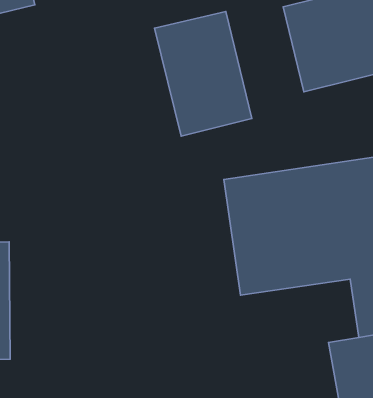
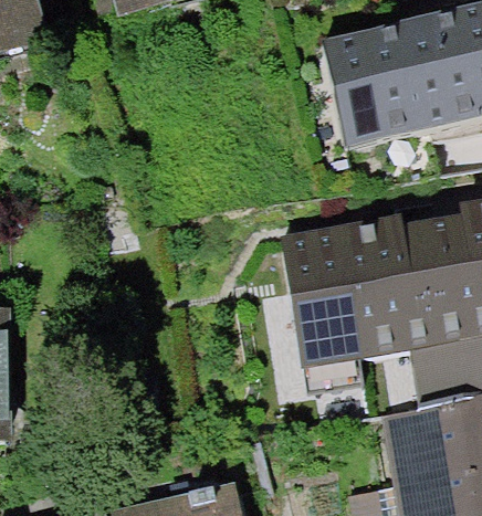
building: [154,11,252,136] -> none

